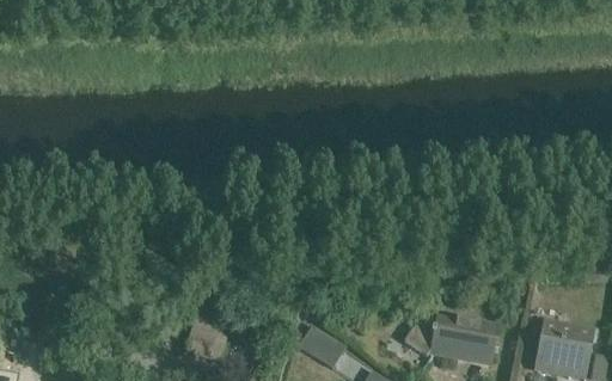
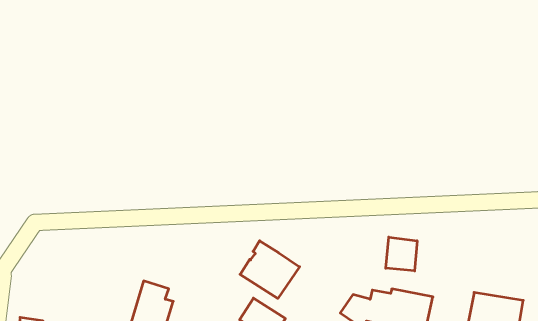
building: none -> [386,237,417,271]
building: none -> [240,241,300,298]

